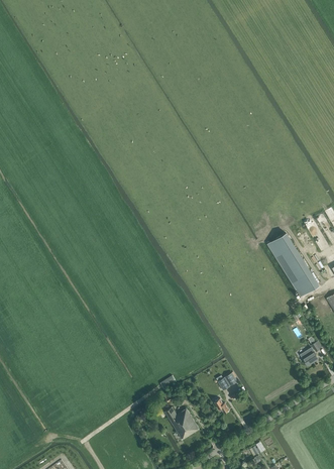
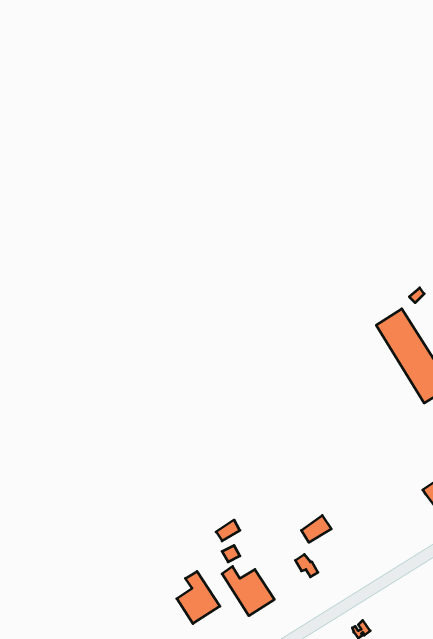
building: none -> [177,571,220,624]

